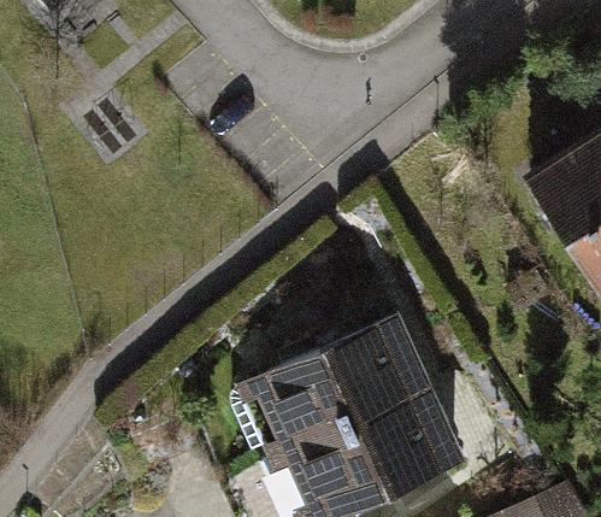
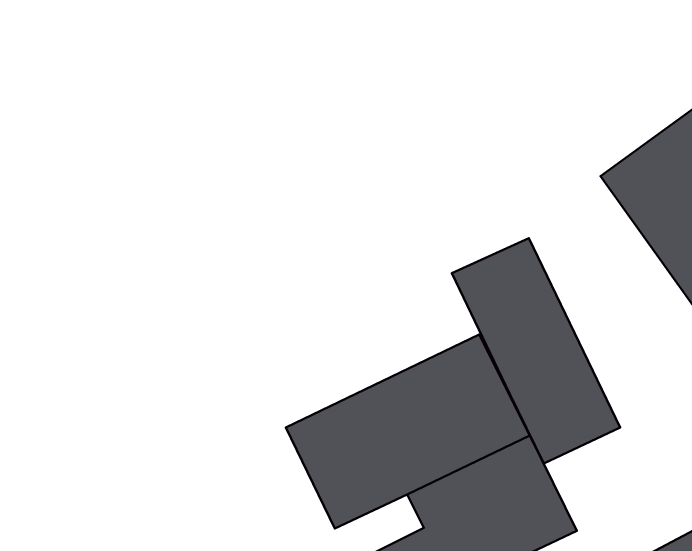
building: none -> [452,238,620,464]

